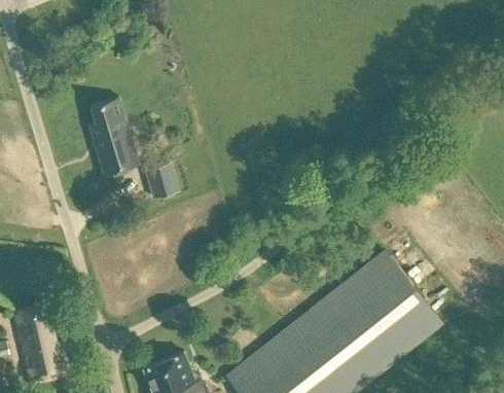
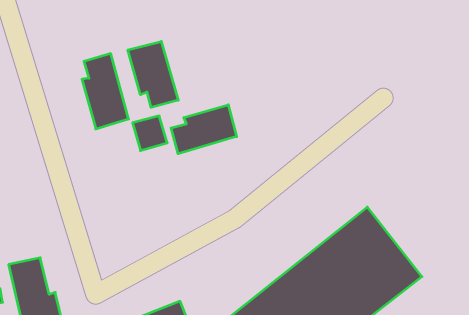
building: none -> [128,41,178,107]
building: none -> [171,105,237,154]

